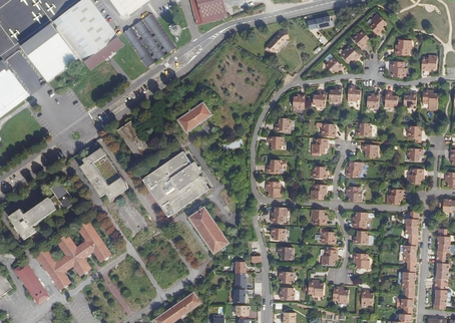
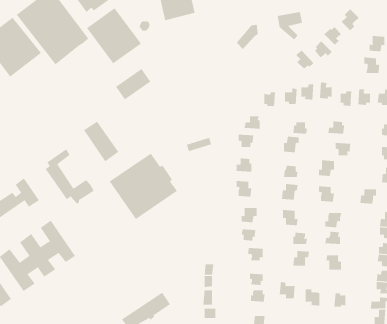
building: [177,103,212,134] -> [115,68,151,100]
building: [189,209,230,256] -> none

